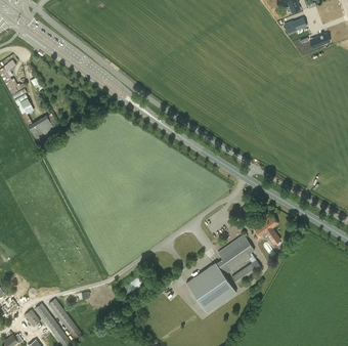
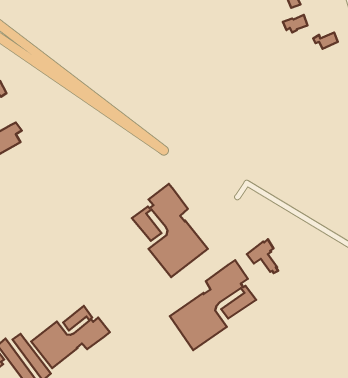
building: none -> [132,184,208,277]
building: none -> [31,306,110,368]

